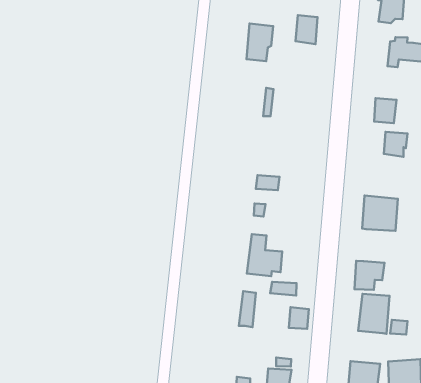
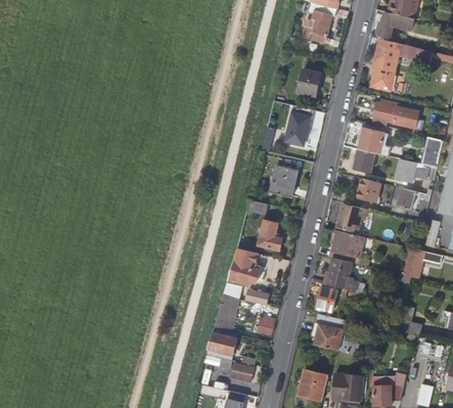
building: [246,24,273,61] -> [282,119,309,152]
building: none -> [358,128,390,156]
building: none -> [269,166,295,196]
building: none -> [336,203,367,232]
building: none -> [257,221,282,251]
building: none -> [327,259,353,290]
building: none -> [206,328,237,361]

